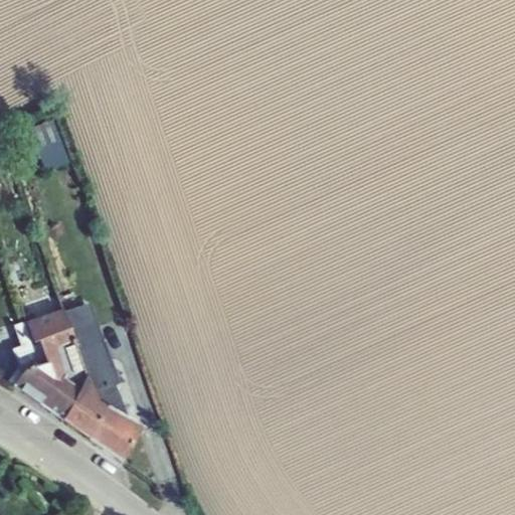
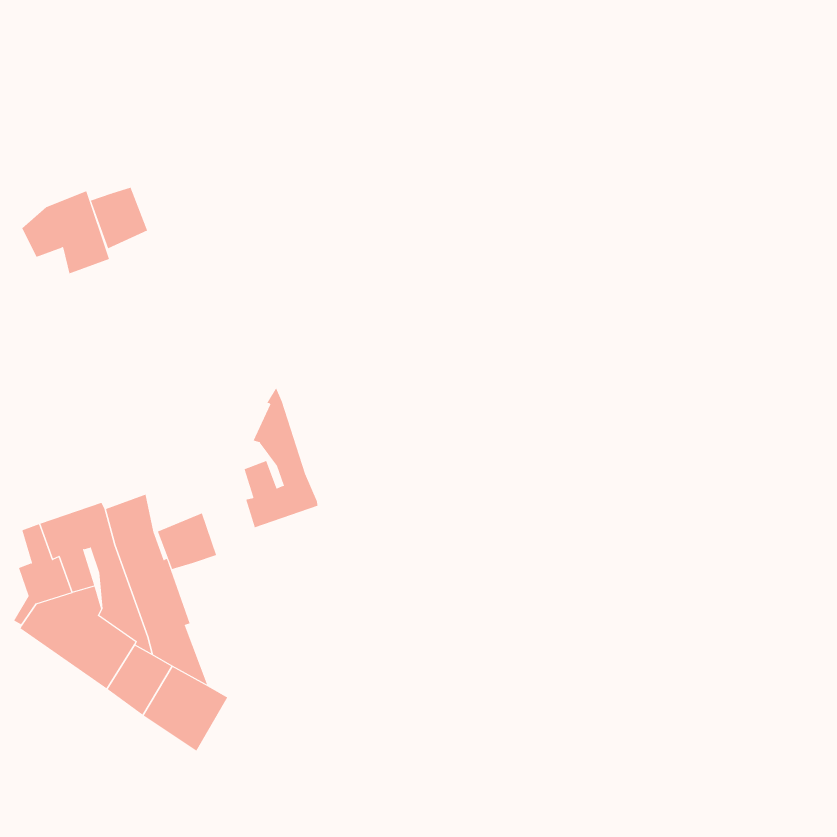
building: none -> [90,187,148,249]
building: none -> [244,387,318,528]
building: none -> [157,512,217,570]

